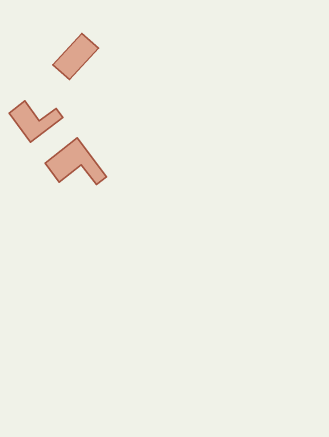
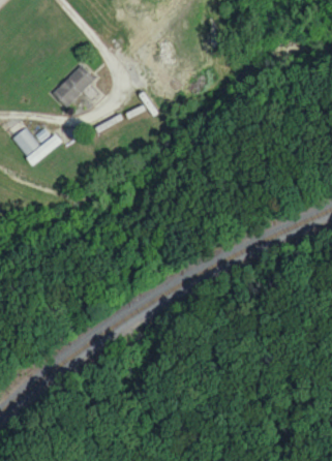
building: [45,138,106,184] -> none

